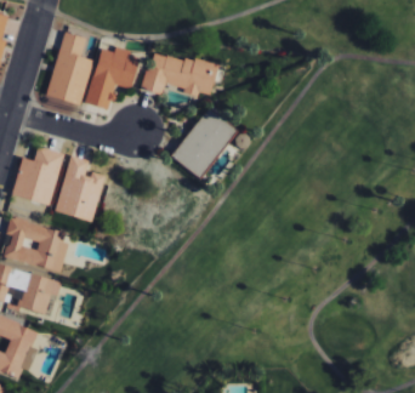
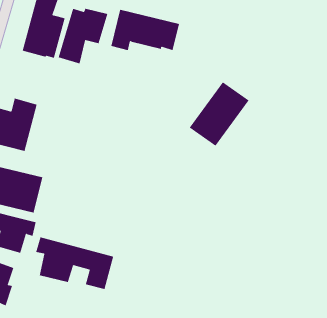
building: [170,107,235,177] -> [189,81,249,146]
building: [55,155,104,222] -> none
building: none -> [36,237,114,290]

